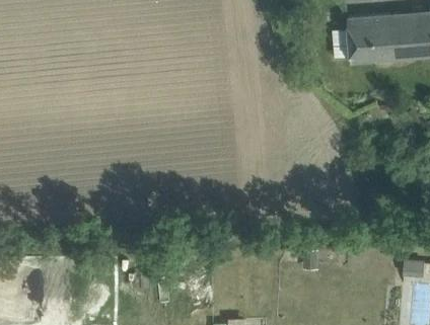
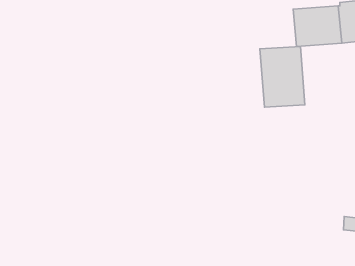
building: none -> [260,46,305,107]

